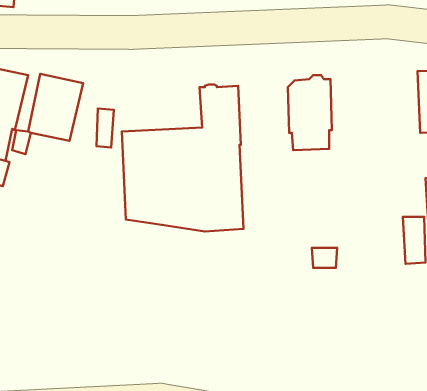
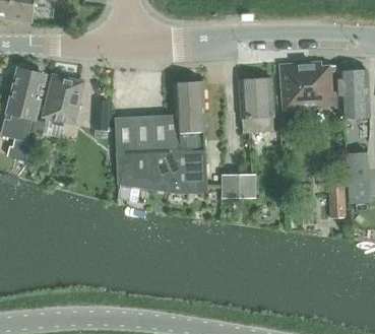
building: none -> [284,63,338,109]
building: none -> [225,175,256,198]

